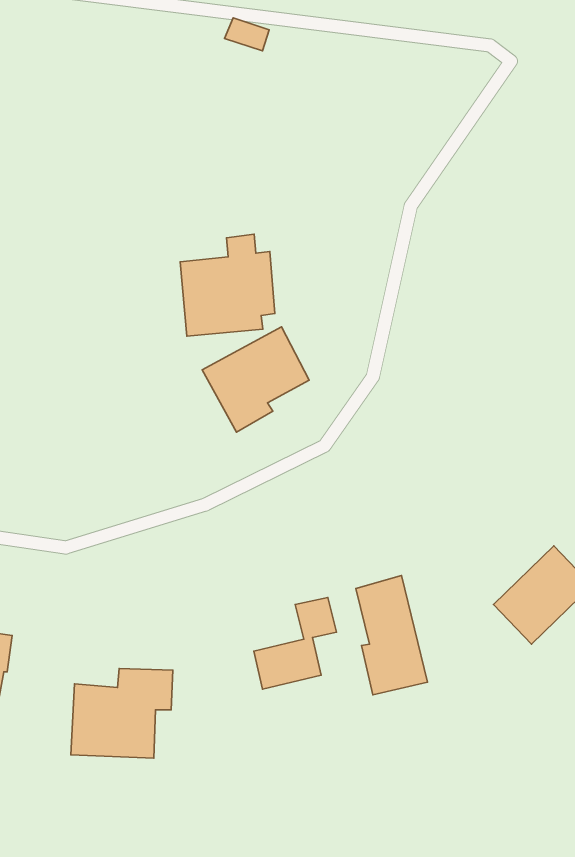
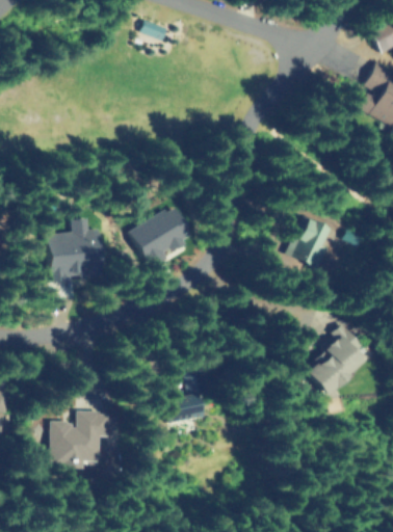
building: [180,234,275,336] -> [44,217,101,278]
building: none -> [288,217,332,272]
building: [356,575,427,695] -> none

